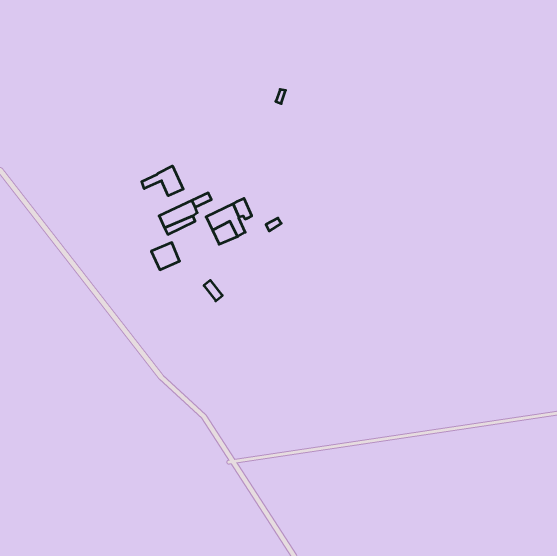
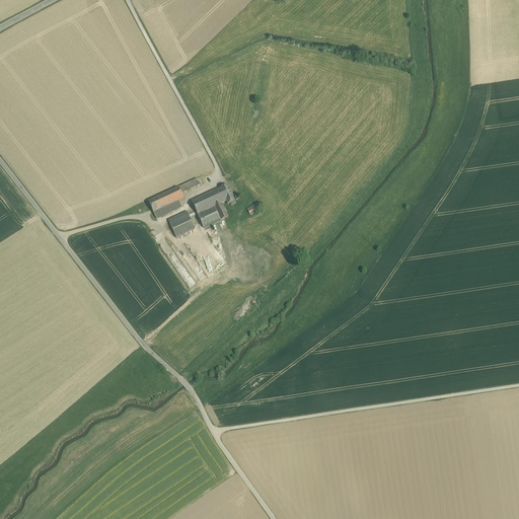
building: [142,166,183,196] -> none
building: [151,243,180,270] -> [168,211,195,236]

